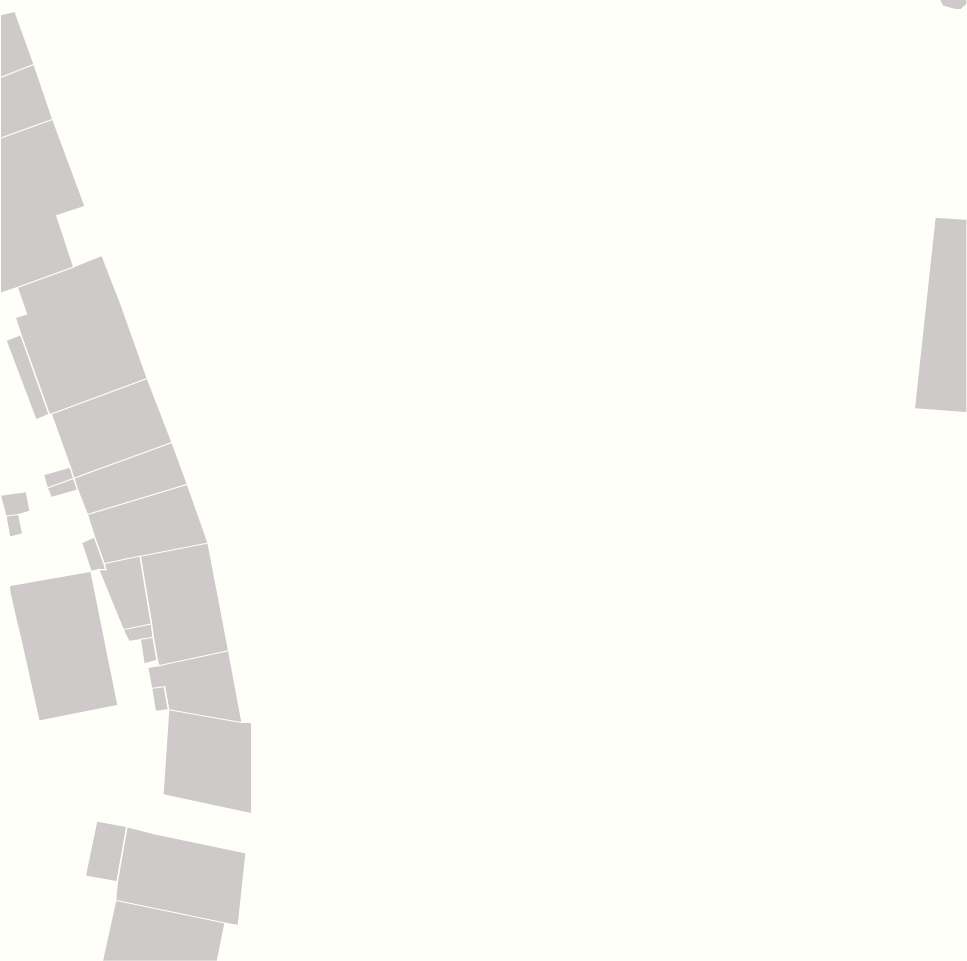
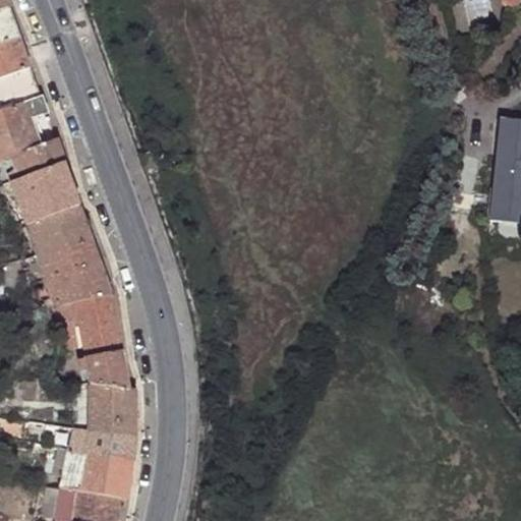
building: [10,571,118,721] -> none
building: none -> [83,427,135,459]

